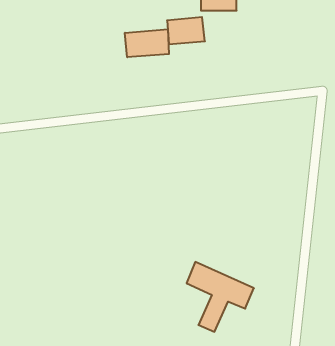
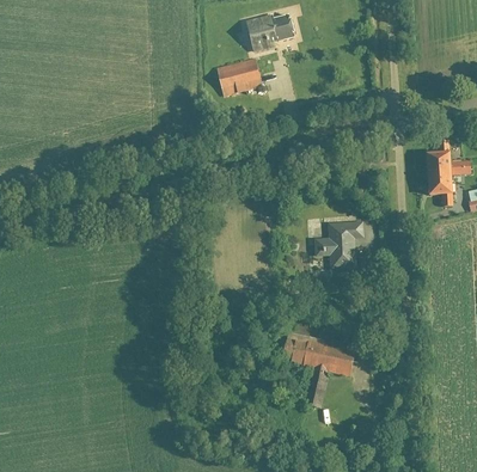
building: [125,29,169,57] -> none
building: none -> [312,219,365,270]

